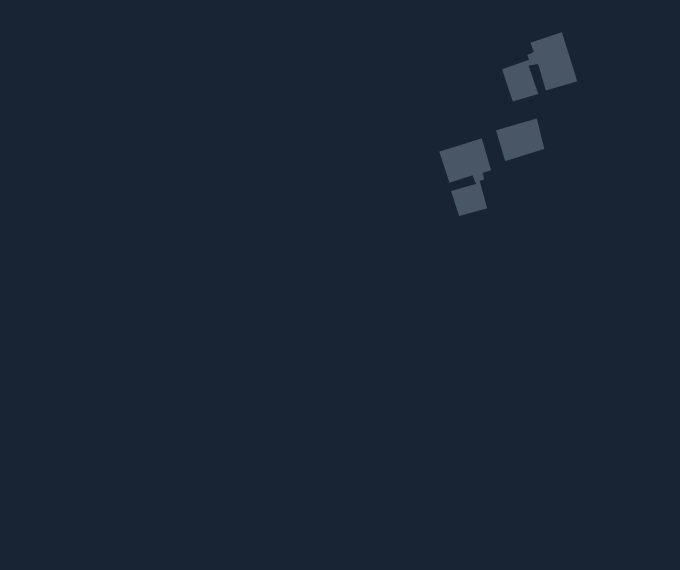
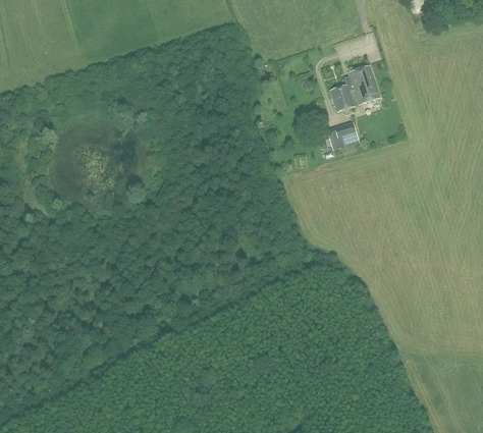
building: [438,138,492,217] -> none

